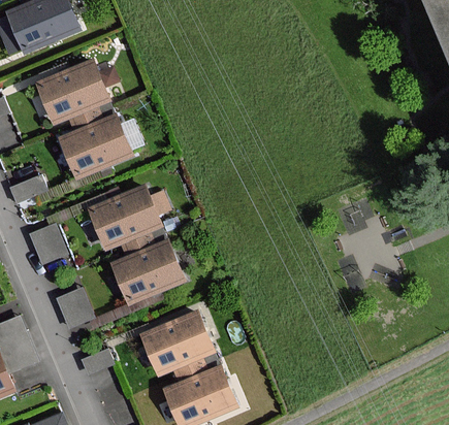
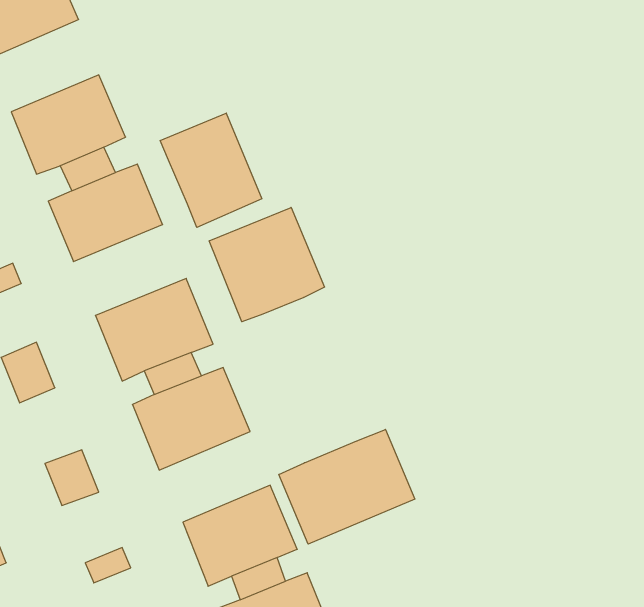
building: none -> [160,113,262,227]
building: none -> [209,207,325,322]
building: none -> [279,429,415,544]

